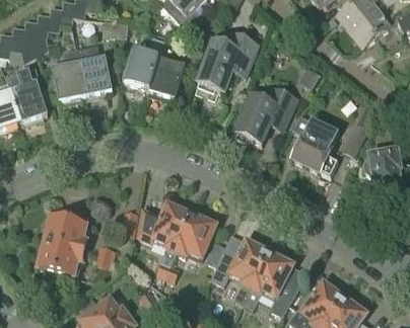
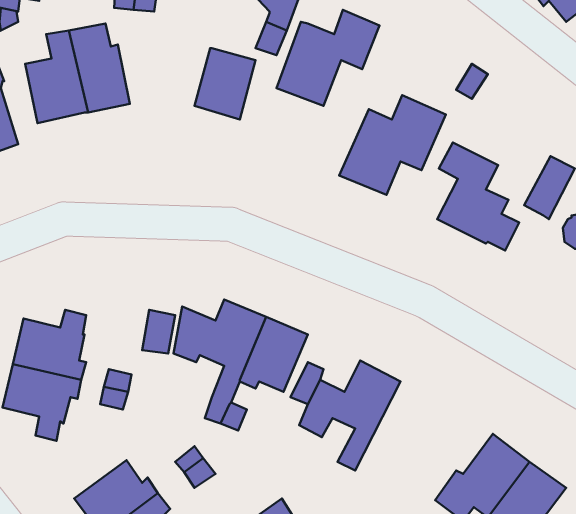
building: [124,34,165,90] -> none
building: [244,250,298,314] -> none

